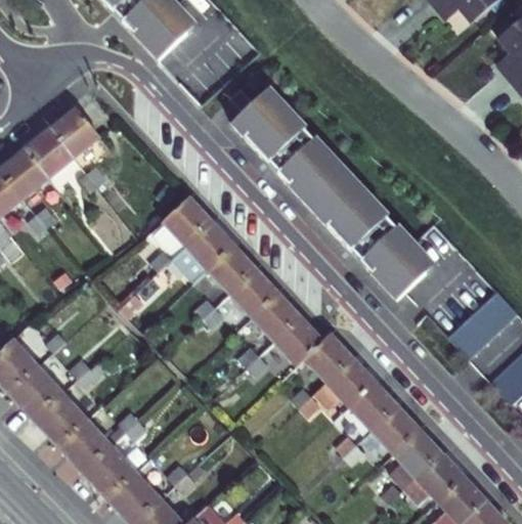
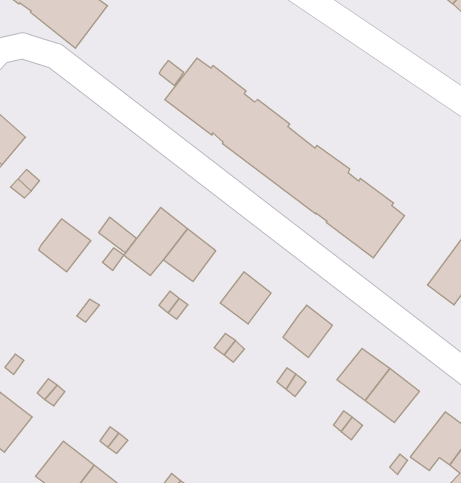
building: [164,196,213,246] -> [39,219,91,272]
building: [231,269,279,317] -> none
building: [275,316,323,364] -> none
building: [314,355,376,408] -> none
building: [33,393,88,447] -> none
building: [390,429,442,487] -> none

